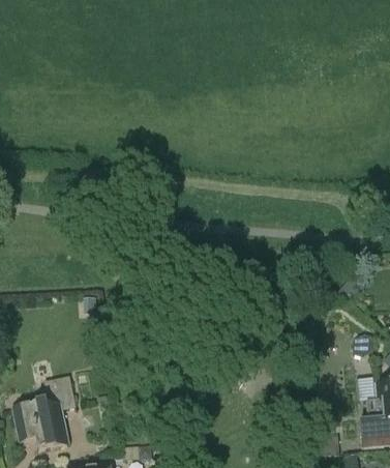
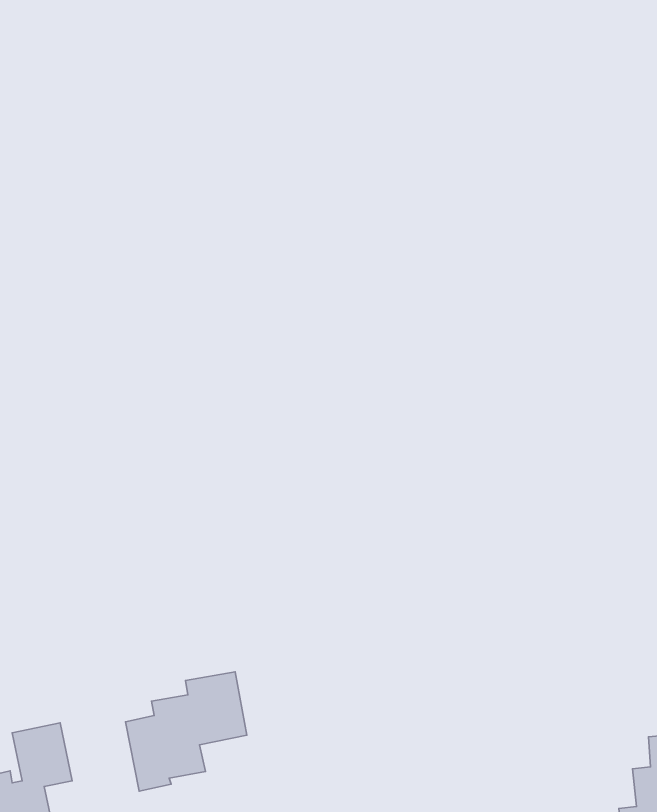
building: none -> [126,672,247,791]

